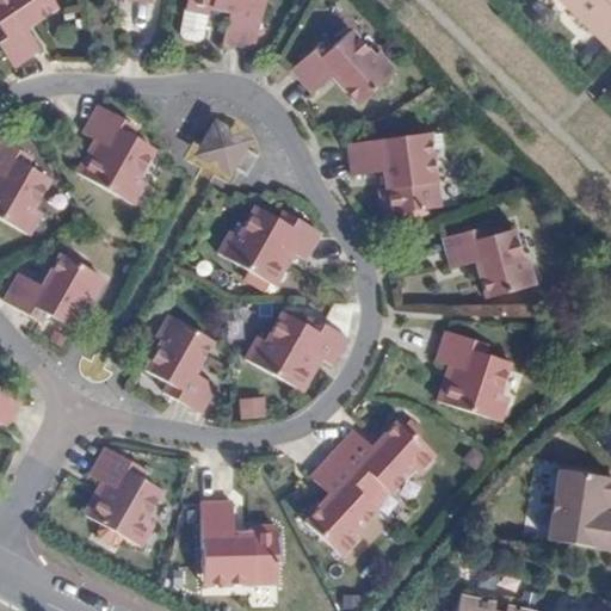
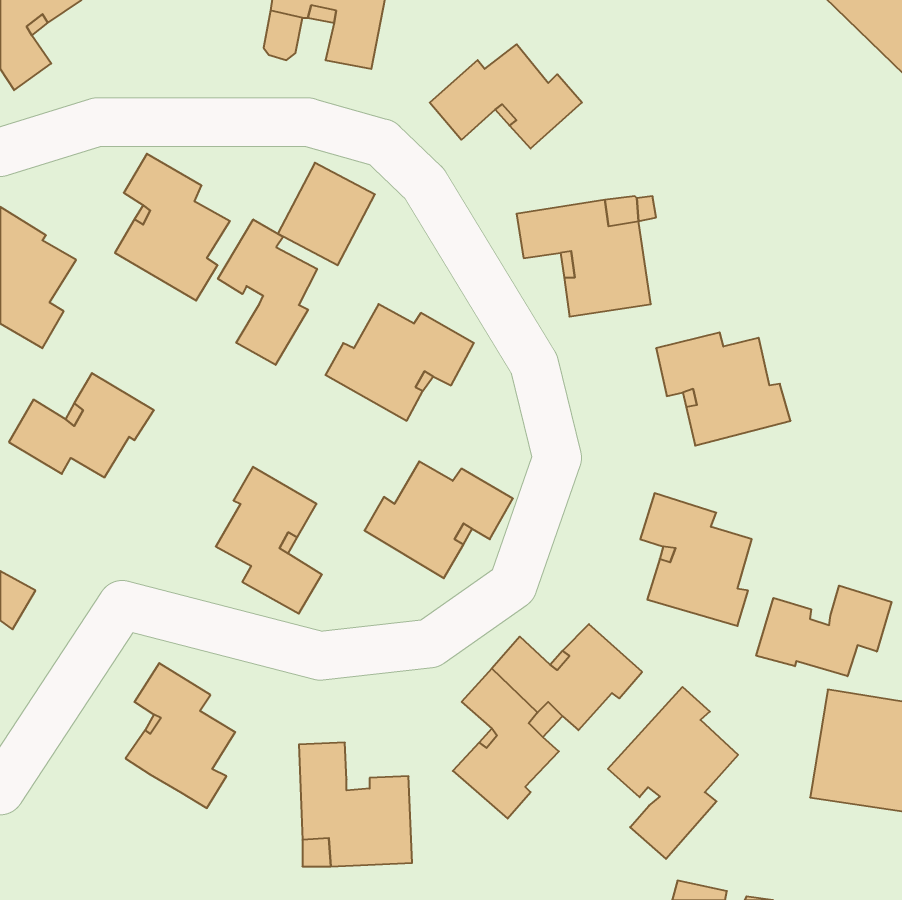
building: none -> [218,219,317,365]
building: none -> [756,586,892,676]
building: none -> [608,687,738,859]

